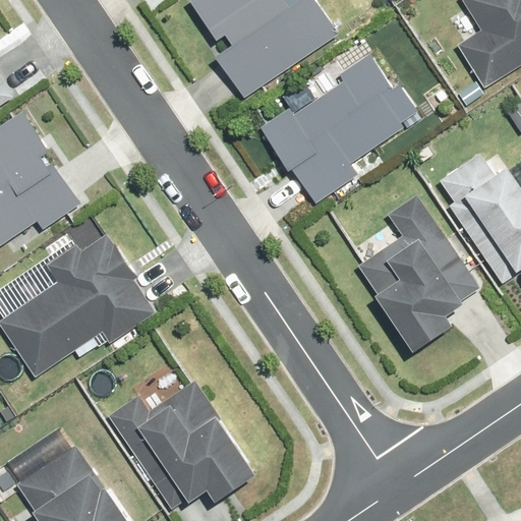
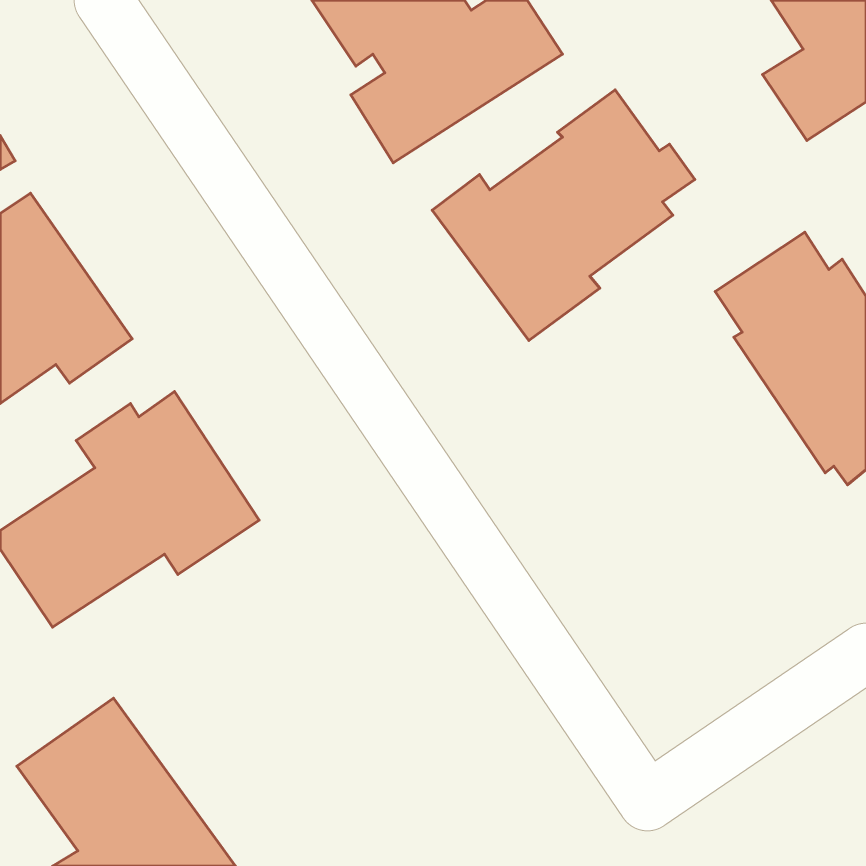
building: [354,194,486,351] -> none
building: [107,382,255,510] -> none

